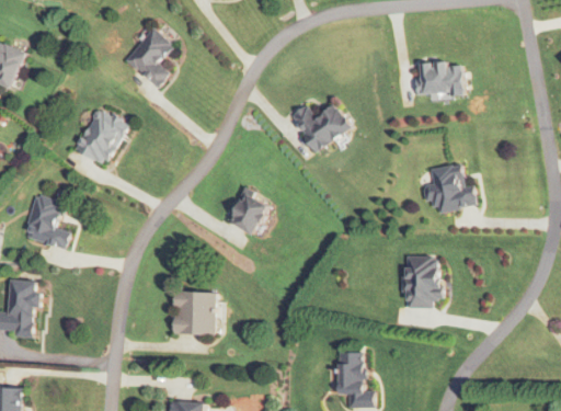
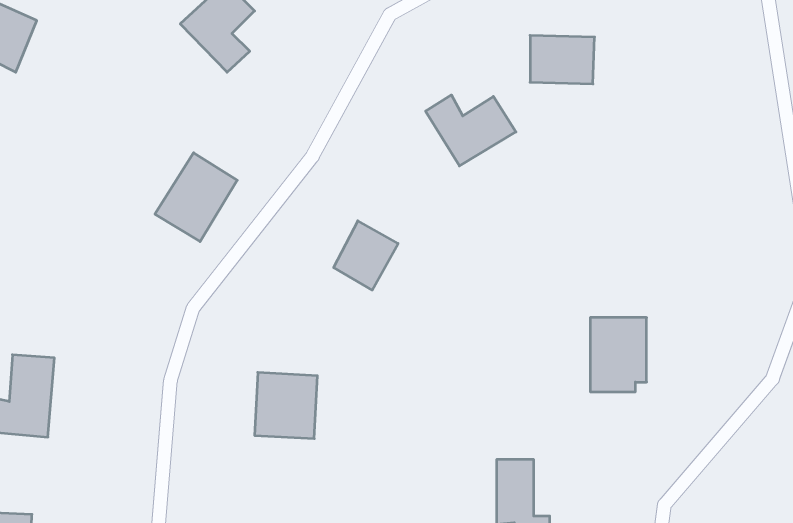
building: [419,62,462,95] -> [530,35,595,84]
building: [73,106,129,167] -> [155,153,237,242]
building: [422,164,477,213] -> none
building: [24,196,71,249] -> none

